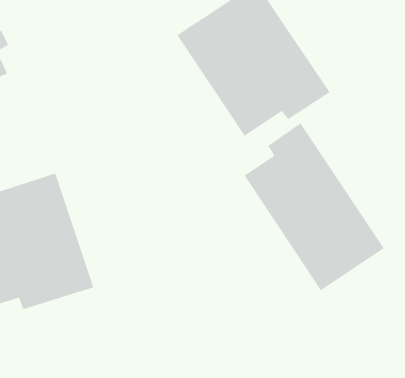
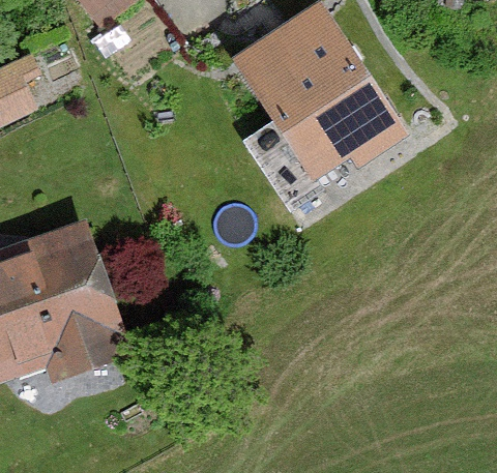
building: [244,122,385,291] -> none

